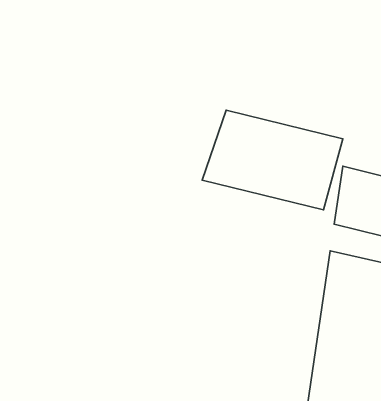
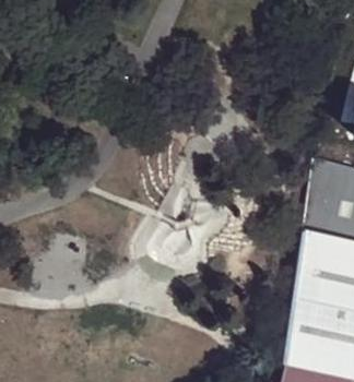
building: [202,110,343,210] -> none

